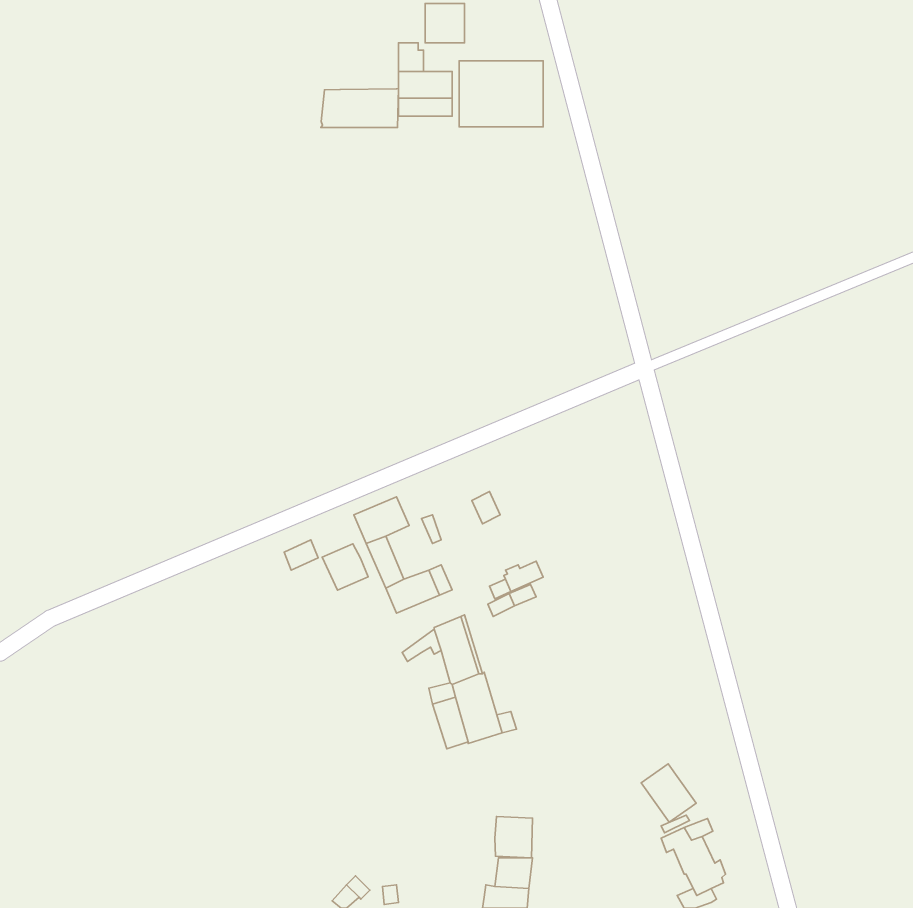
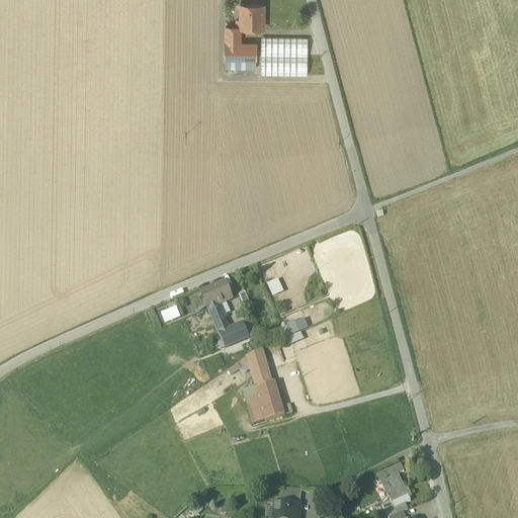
building: [321,88,398,128] -> none
building: [322,544,368,590] -> none
building: [641,764,696,822] -> none
building: [495,816,533,858] -> none

